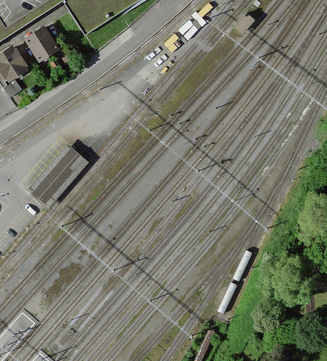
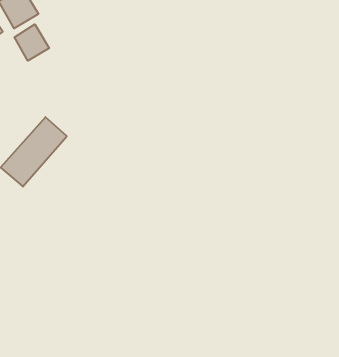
building: none -> [14,24,49,61]

